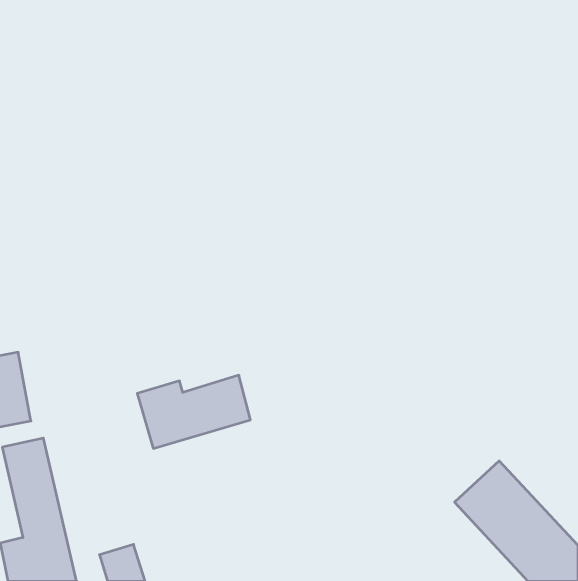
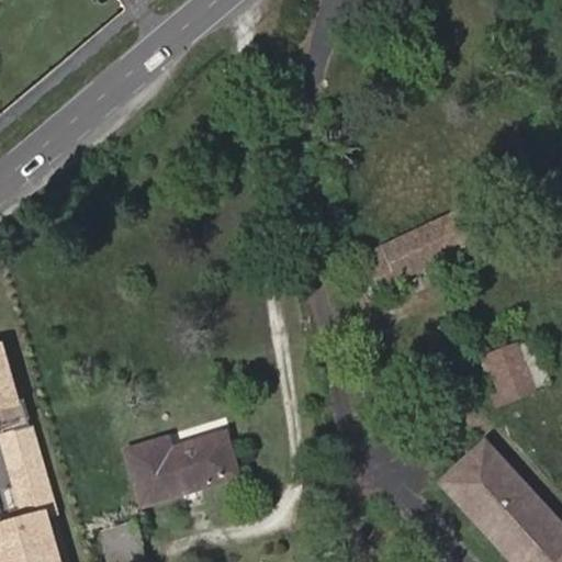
building: none -> [362,211,467,284]
building: none -> [481,347,529,398]
building: [137,375,250,448] -> [122,432,231,503]

